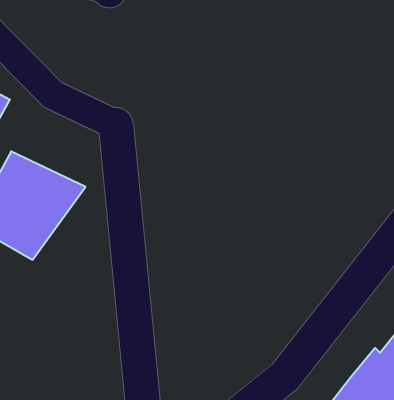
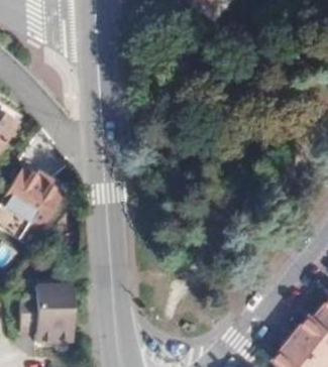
building: none -> [25,294,61,349]

